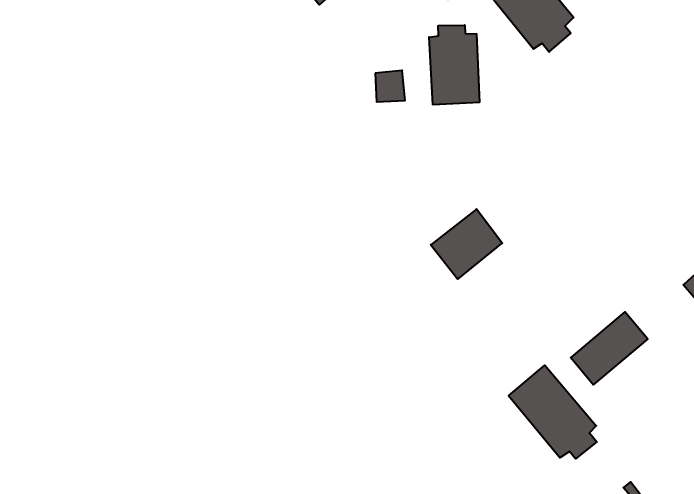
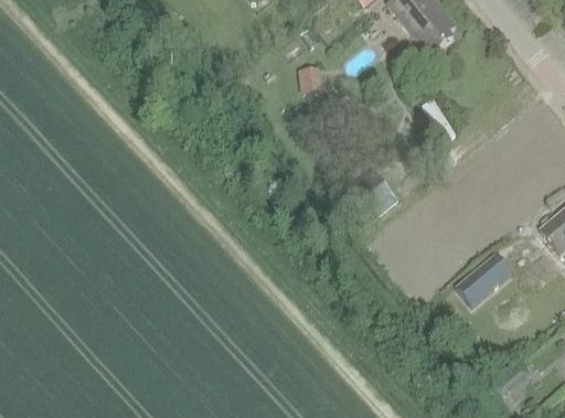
building: [429,25,479,105] -> none
building: [509,365,597,459] -> none

